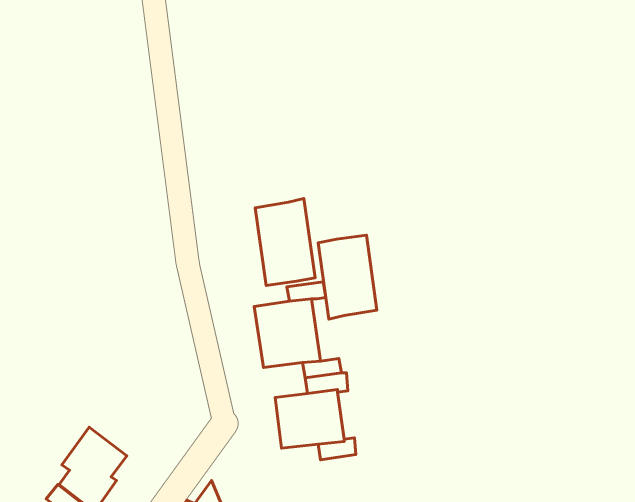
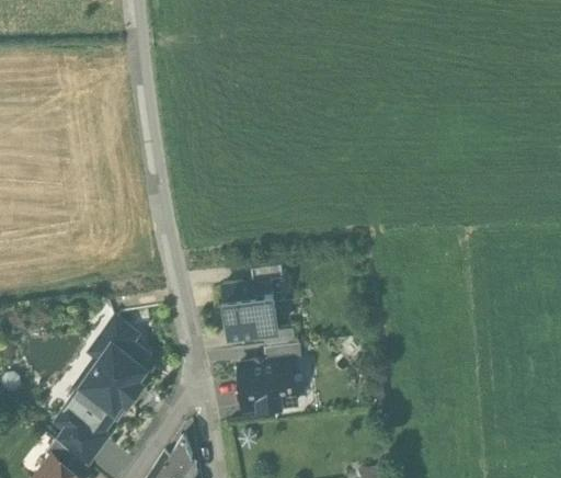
building: [255,198,315,285] -> none
building: [318,235,377,319] -> none
building: none -> [80,327,148,418]

